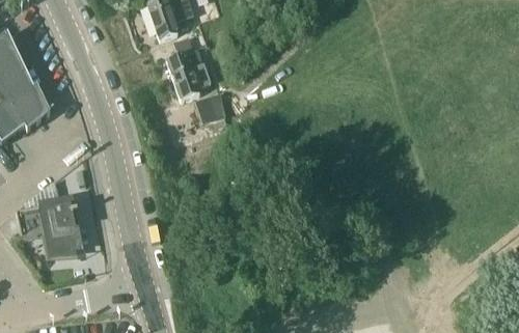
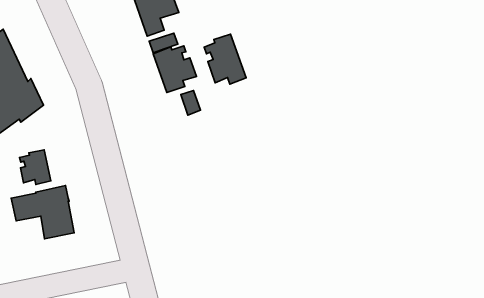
building: none -> [204,34,246,84]
building: none -> [20,150,51,184]

